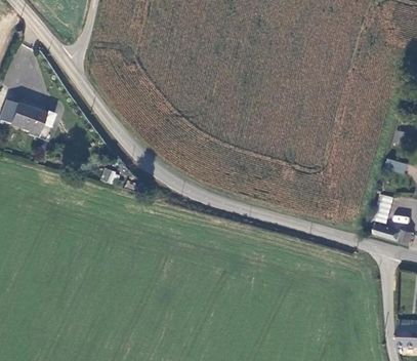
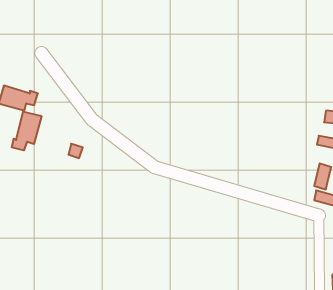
building: none -> [12,112,42,150]

